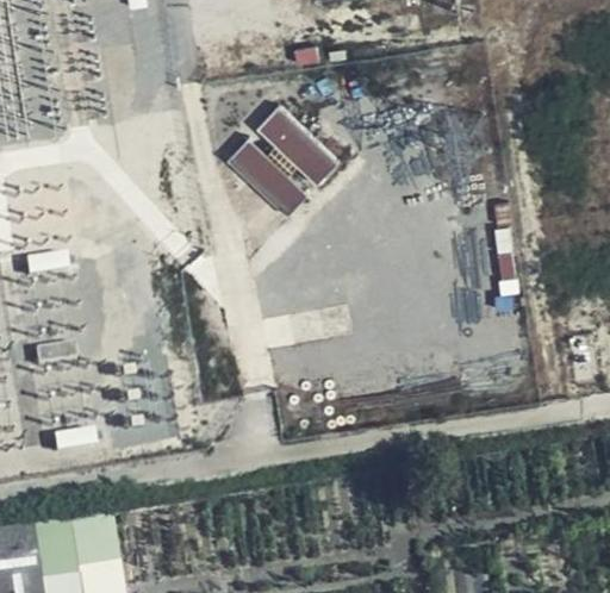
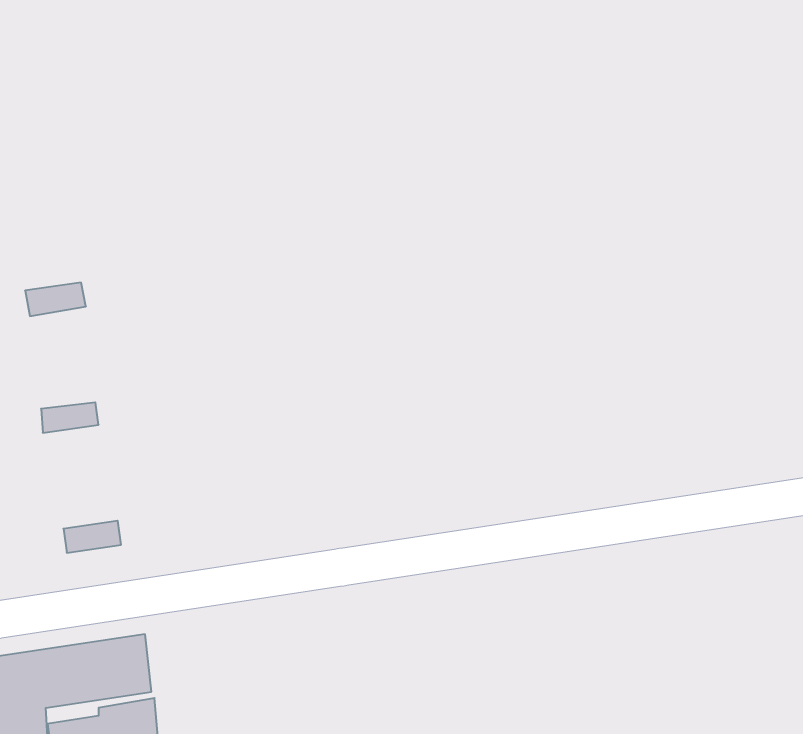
building: [255,105,340,186] -> none
building: [225,138,305,214] -> none

